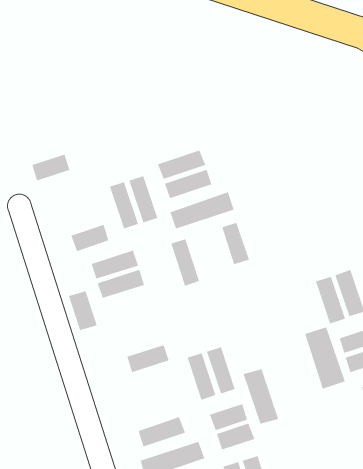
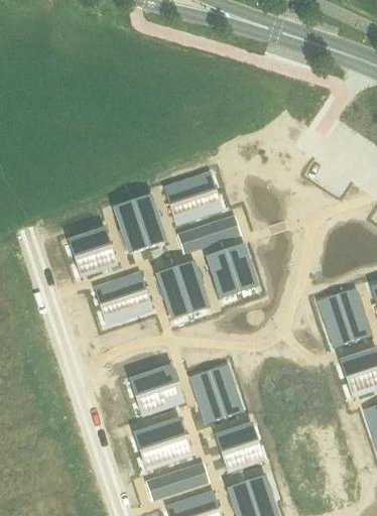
building: [31,154,70,181] -> [72,228,110,255]
building: none -> [208,251,236,294]
building: none -> [157,267,186,315]
building: [68,291,98,331] -> none
building: [305,327,346,390] -> none
building: none -> [139,385,182,413]
building: [243,369,279,425] -> none
building: none -> [137,418,184,448]

